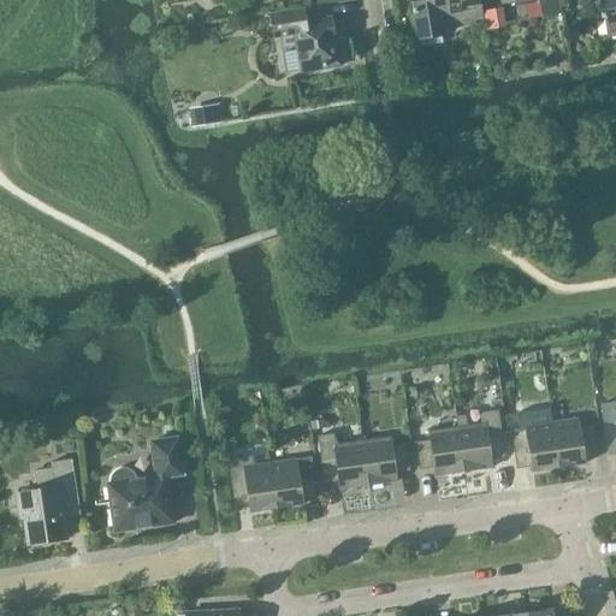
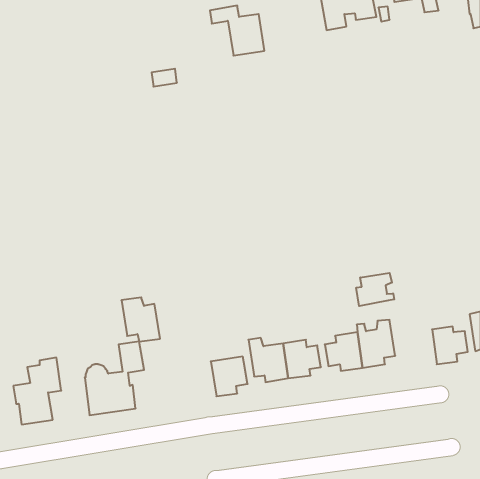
building: none -> [356,273,394,306]
building: [513,421,559,469] -> none
building: [229,454,278,510] -> [121,297,160,342]

